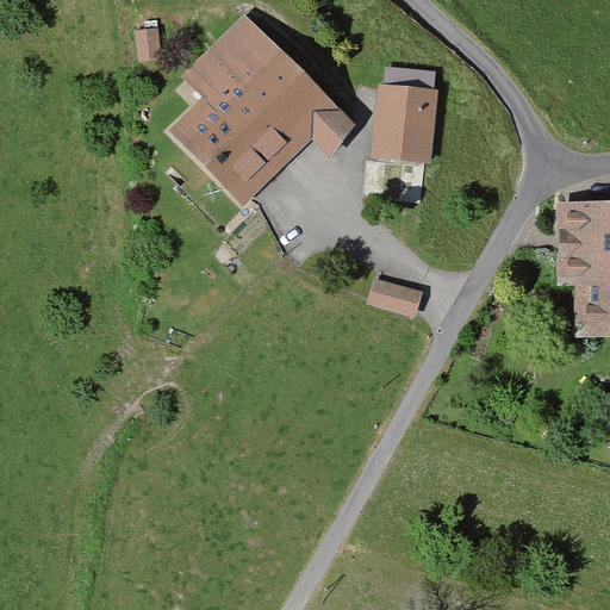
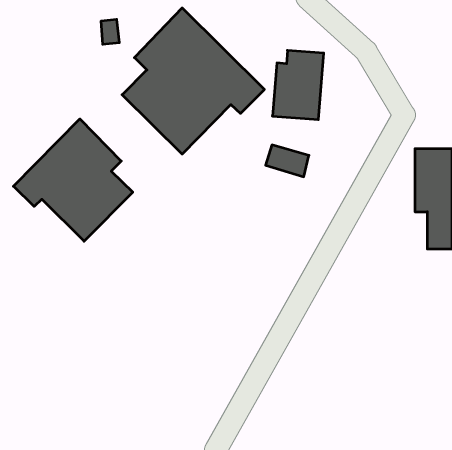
building: none -> [13,119,133,241]
building: [363,279,422,322] -> [266,145,309,177]

